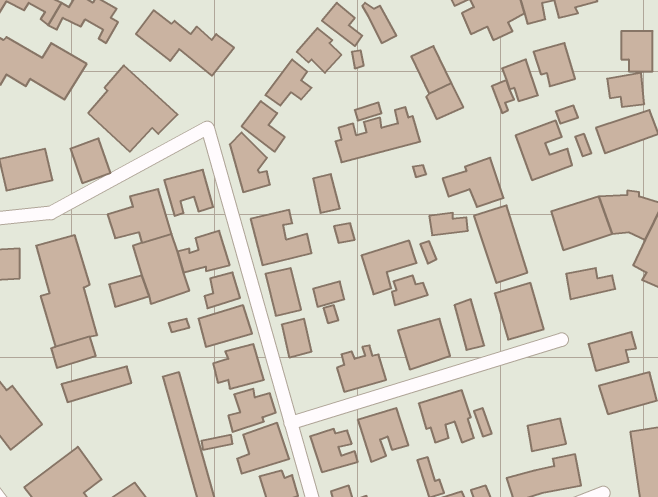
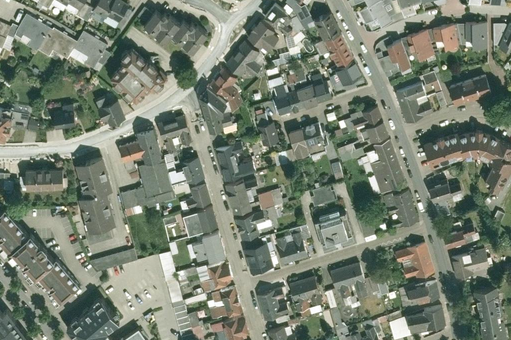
building: none -> [315,13,340,40]
building: [607,73,644,107] -> [435,25,460,48]
building: [361,241,417,294] -> [288,123,325,159]
building: none -> [245,246,270,271]
building: none -> [397,249,429,277]

